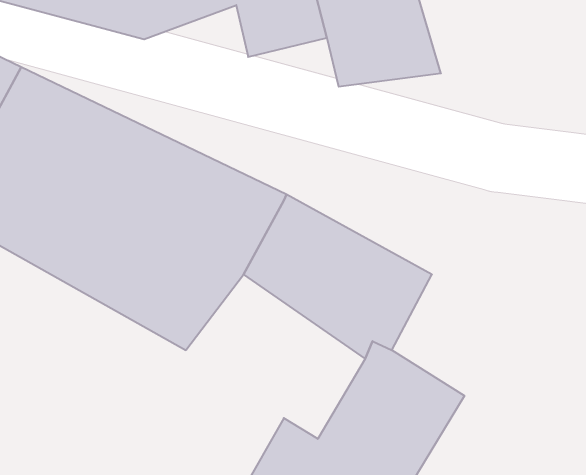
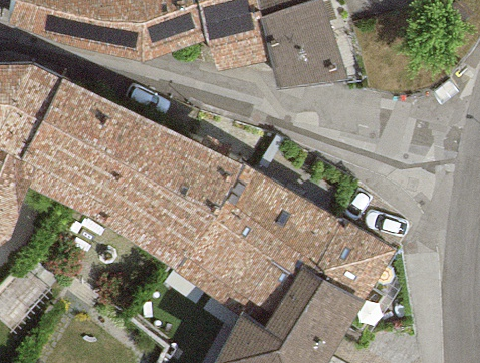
building: none -> [173,218,294,329]
building: none -> [312,218,395,300]

